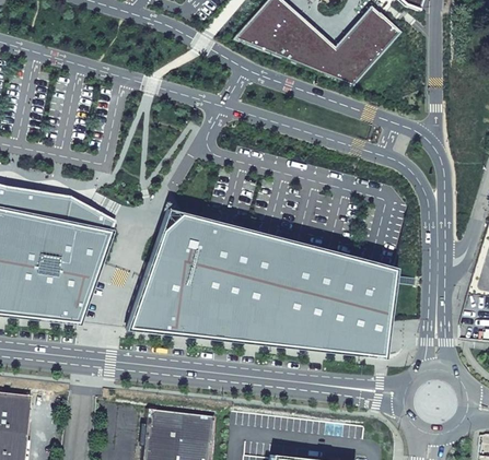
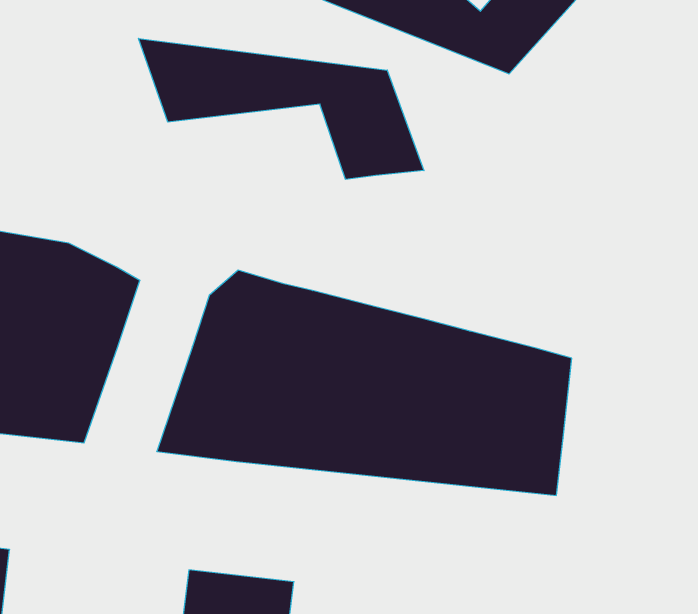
building: none -> [139,38,424,179]

